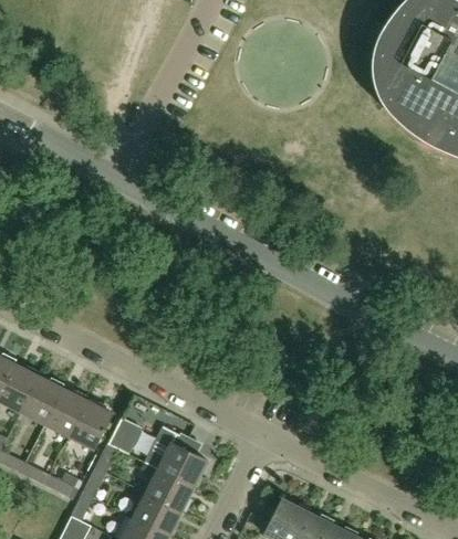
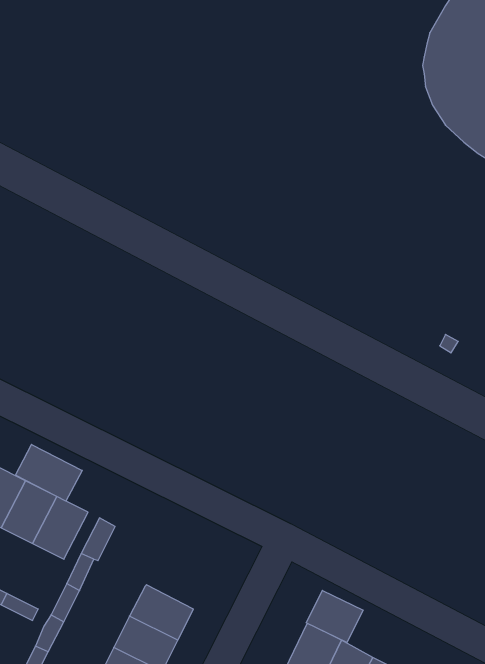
building: none -> [15,444,82,501]
building: [145,426,207,487] -> none
building: none -> [306,590,363,642]

